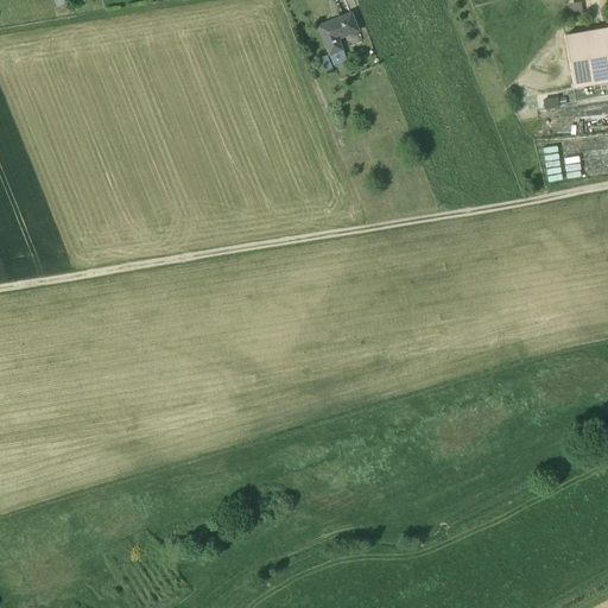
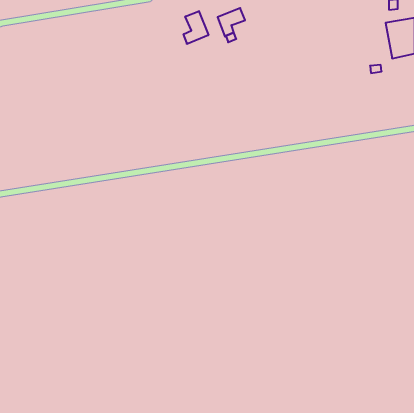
building: none -> [184,11,208,44]

